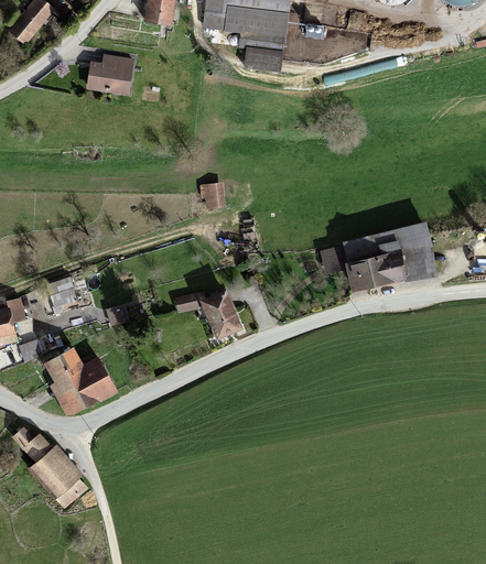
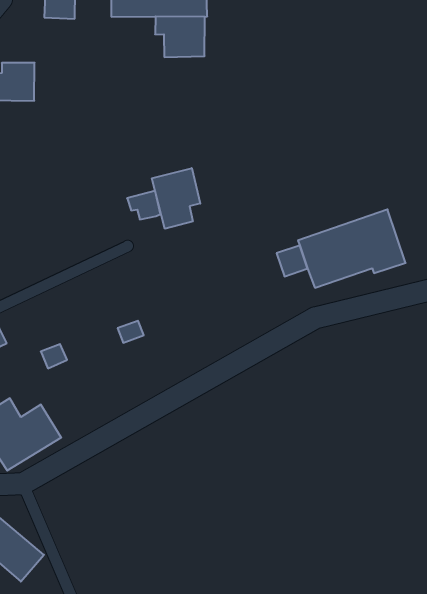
building: none -> [152,168,200,229]
building: [201,291,241,338] -> none

